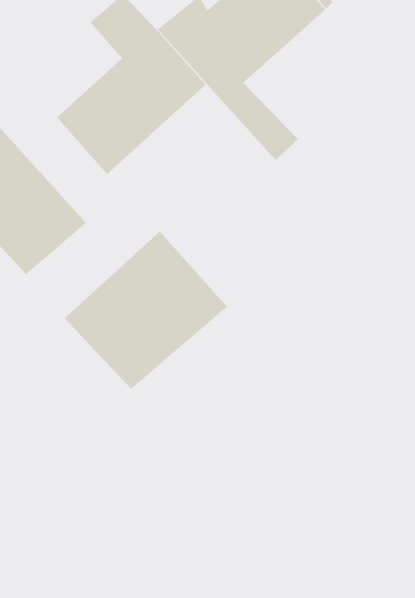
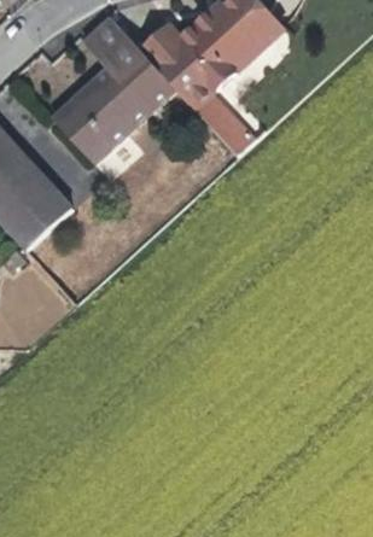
building: [64,231,228,390] -> none

